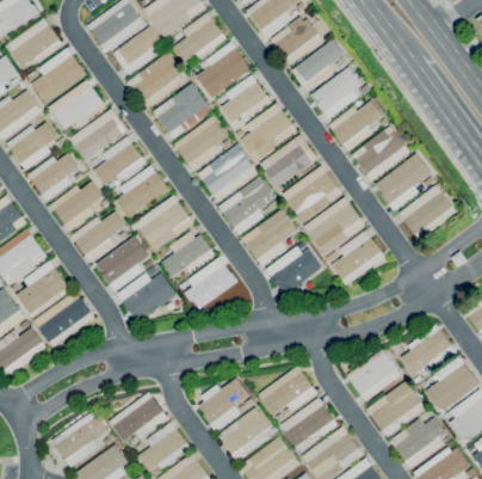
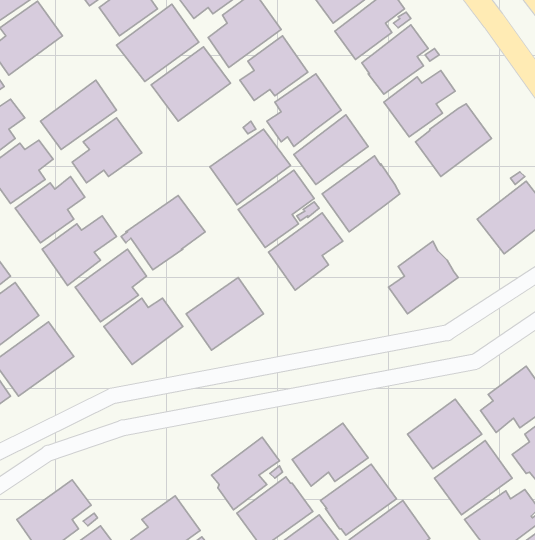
building: [48,80,106,130] -> none
building: [173,117,227,172] -> none
building: [375,154,431,211] -> none
building: [113,166,168,219] -> none
building: [303,197,365,254] -> none
building: [161,228,215,278] -> none
building: [264,241,323,297] -> none
building: [109,393,167,442] -> none

